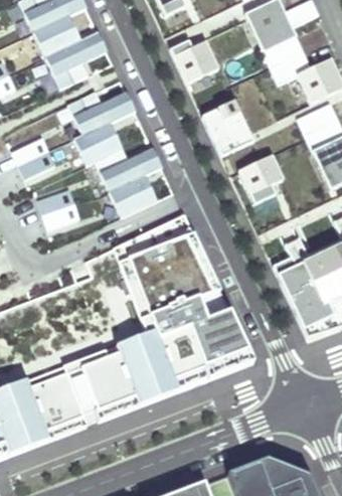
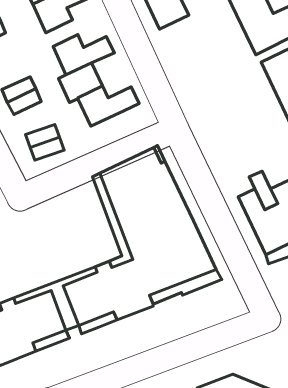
building: [201,101,251,155] -> none
building: [237,158,282,207] -> none
building: [110,173,158,216] -> none

